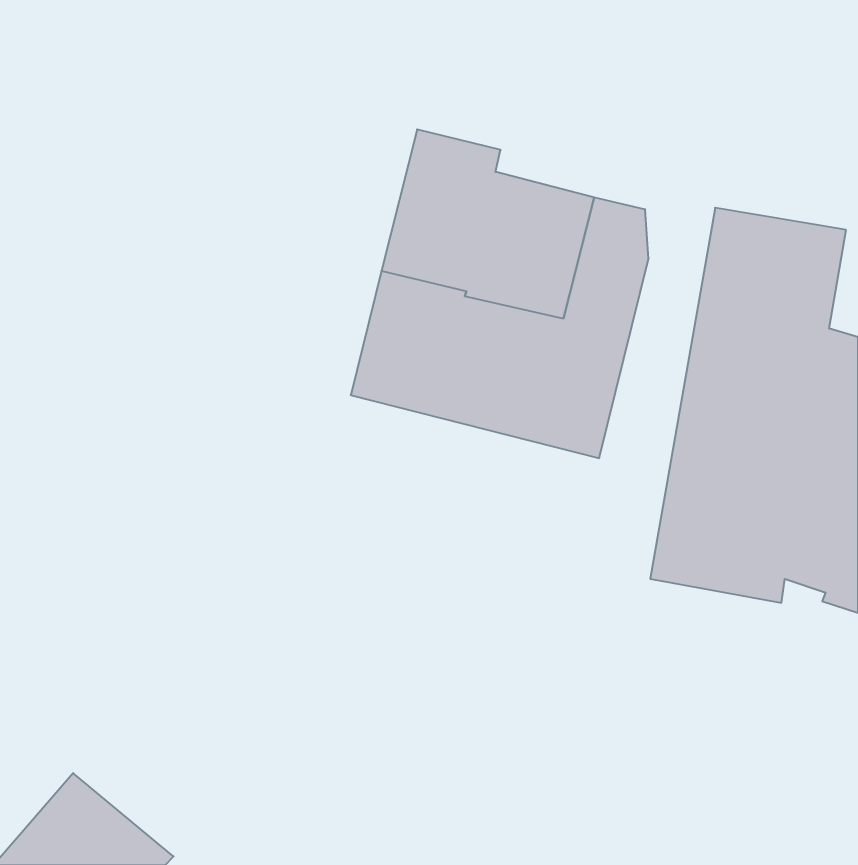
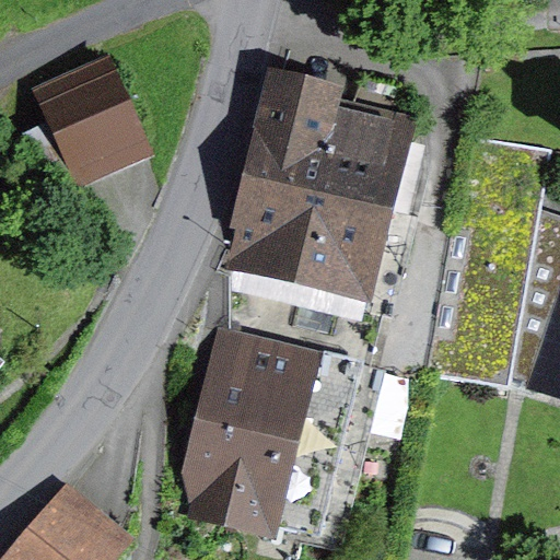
building: none -> [25,58,141,195]
building: none -> [189,342,347,533]

